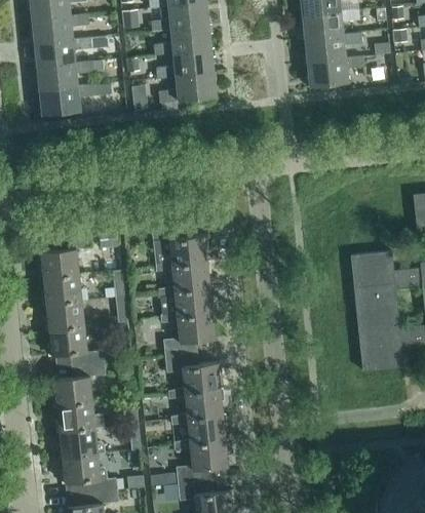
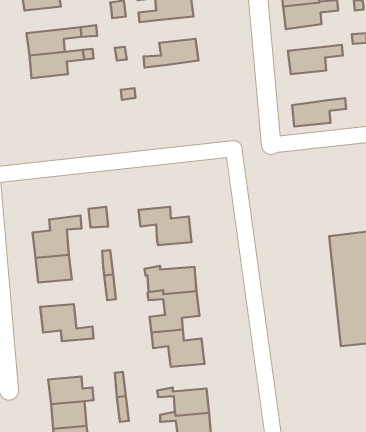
building: [32,13,89,43] -> none
building: [153,26,210,55] -> none
building: [305,32,361,62] -> [292,98,346,127]
building: [158,72,216,111] -> none
building: [39,84,96,115] -> none
building: [155,261,209,290] -> none
building: [46,301,83,329] -> none
building: [53,362,105,405] -> none
building: [167,388,222,418] -> none

